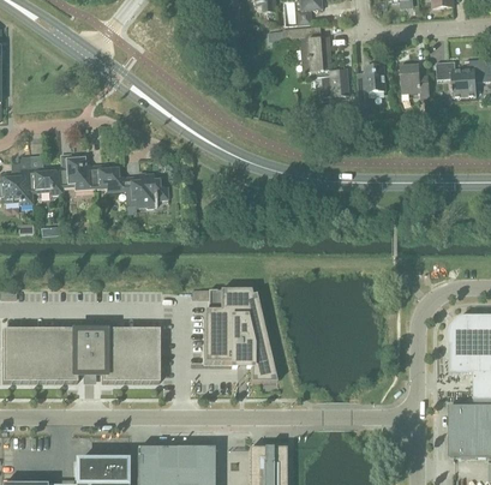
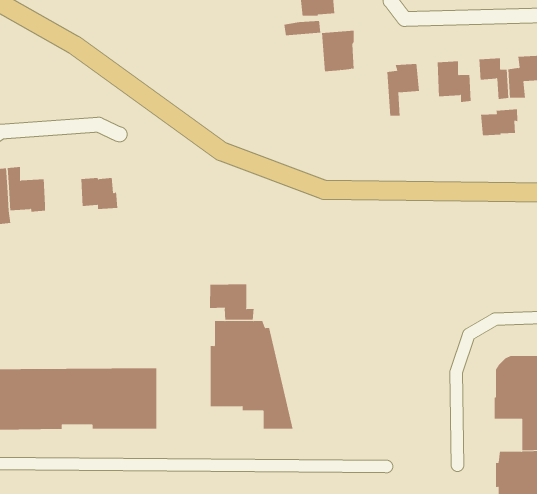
building: [324,68,351,96] -> none
building: none -> [481,109,518,136]
building: [61,152,95,188] -> none
building: [125,172,170,206] -> none
building: none -> [209,284,254,321]

